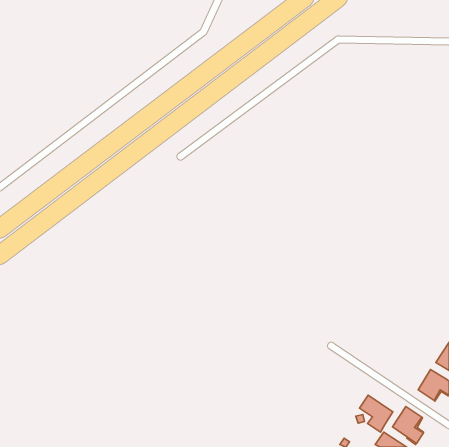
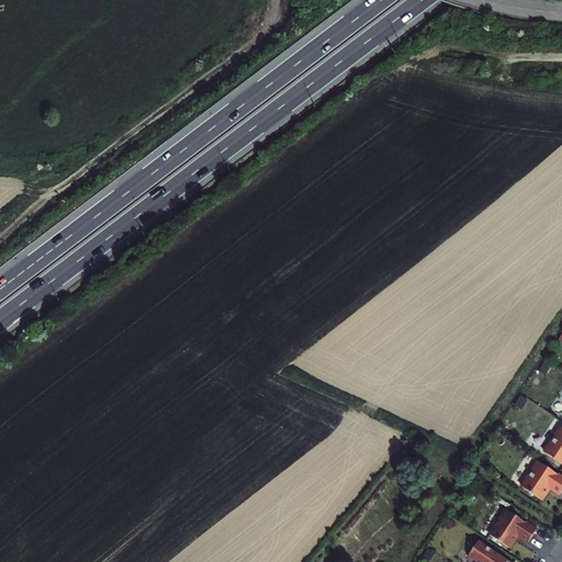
building: [359,395,393,432] -> none

